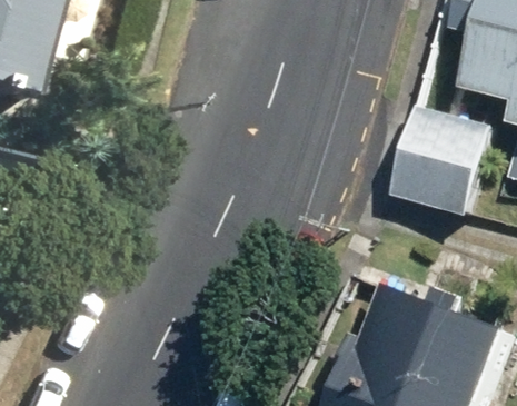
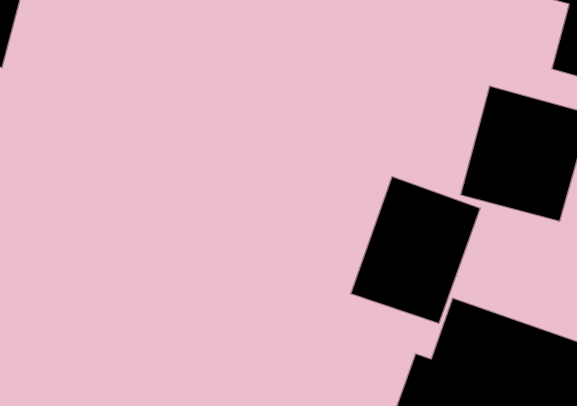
building: none -> [351,176,480,323]

